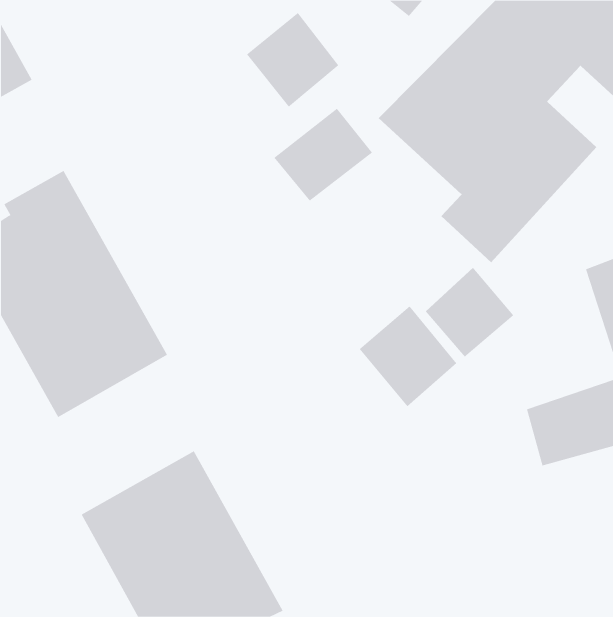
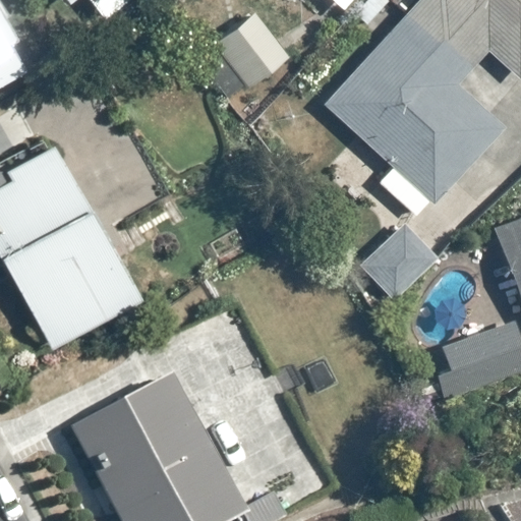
building: [273,108,373,201] -> none
building: [359,305,457,407] -> none

